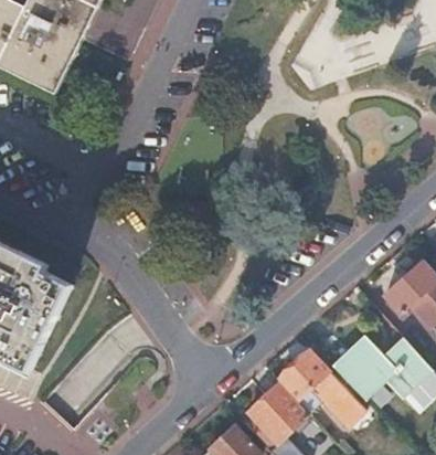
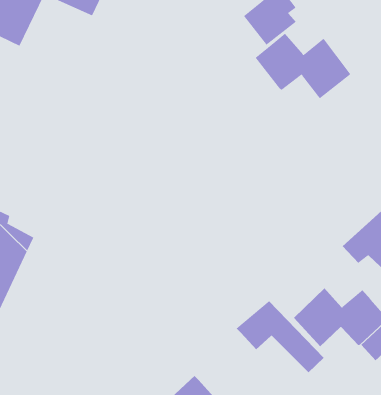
building: none -> [255,33,351,99]
building: [248,383,308,442] -> none

